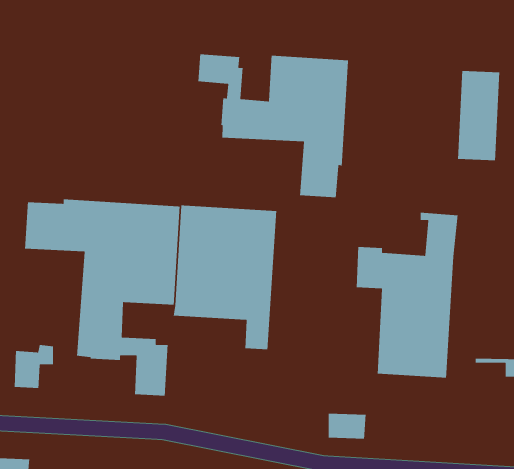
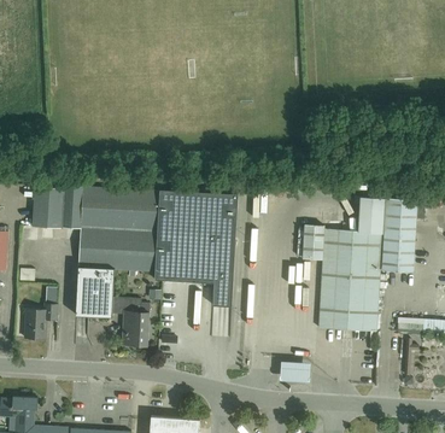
building: [197,54,349,198] -> none
building: [457,70,500,161] -> [381,199,416,273]

